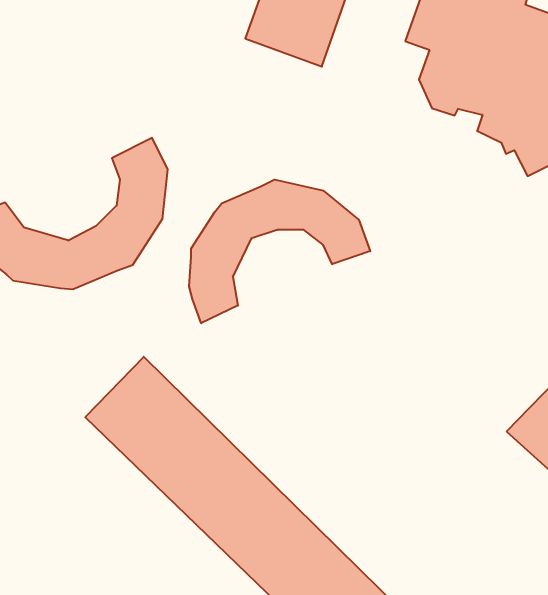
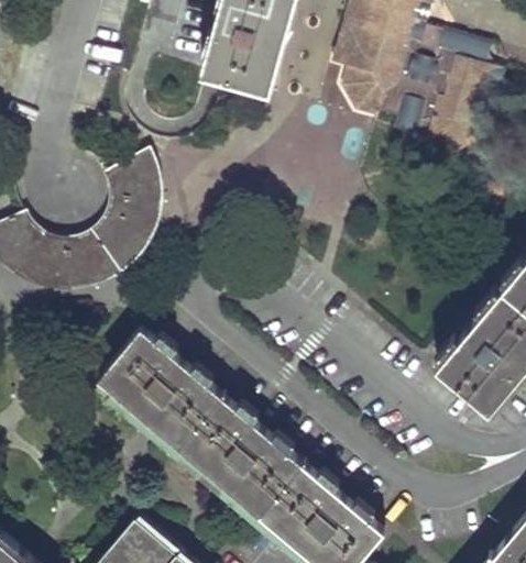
building: [189,180,370,323] -> none

